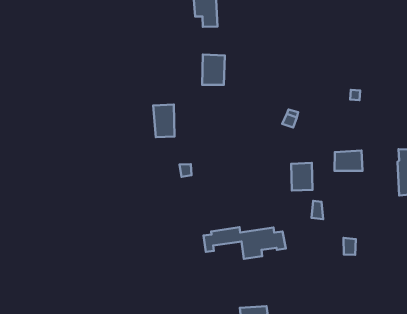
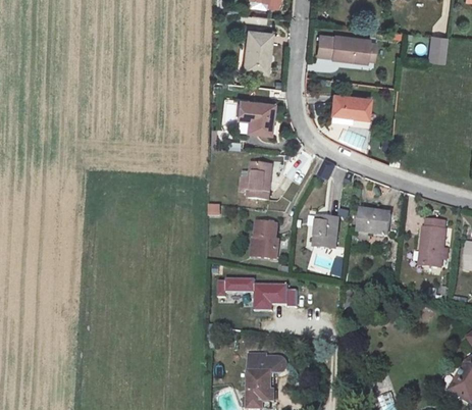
building: none -> [329,98,365,121]
building: [153,104,174,137] -> [248,164,270,198]
building: none -> [257,222,281,259]

